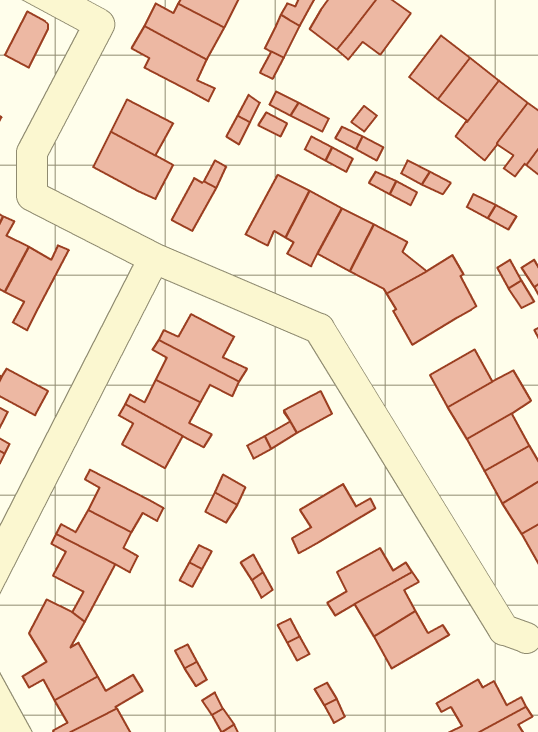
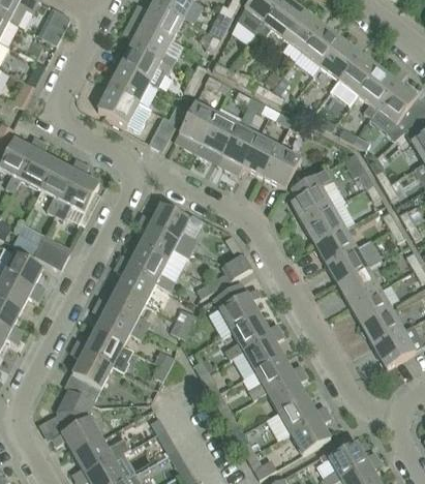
building: none -> [283,10,323,52]
building: none -> [120,46,173,87]
building: none -> [179,102,217,153]
building: none -> [56,163,99,219]
building: none -> [304,207,344,244]
building: none -> [213,282,261,331]
building: none -> [96,289,148,330]
building: none -> [244,330,284,371]
building: none -> [291,412,331,454]

